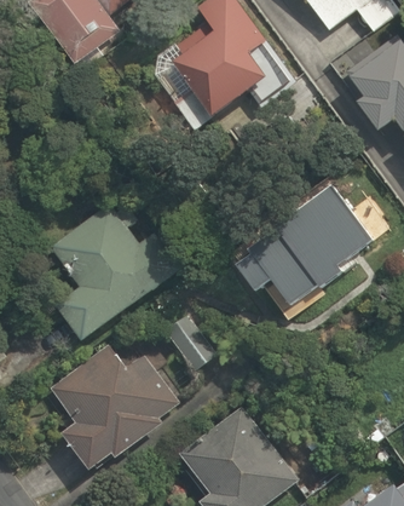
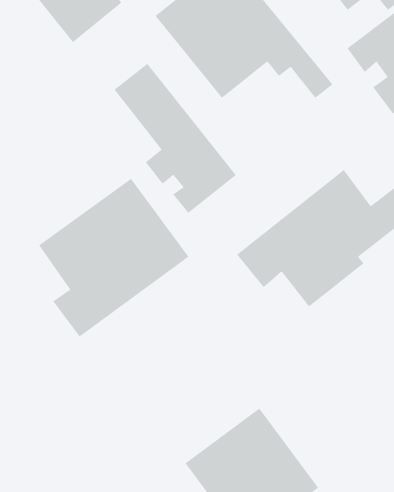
building: none -> [114,63,237,214]
building: [51,330,212,468] -> none

